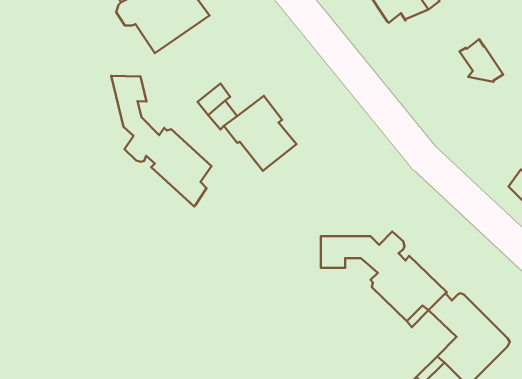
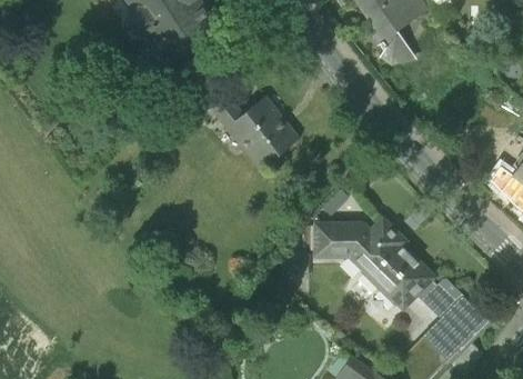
building: [460,39,503,82] -> [371,21,411,60]
building: [111,76,211,207] -> none

